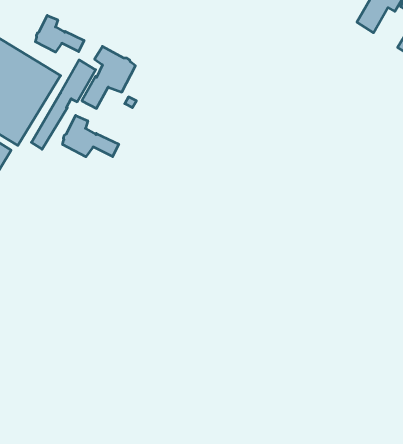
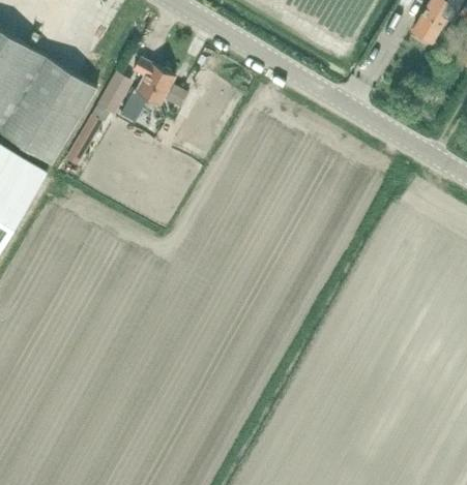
building: [35,15,84,52] -> none
building: [63,115,119,157] -> none

